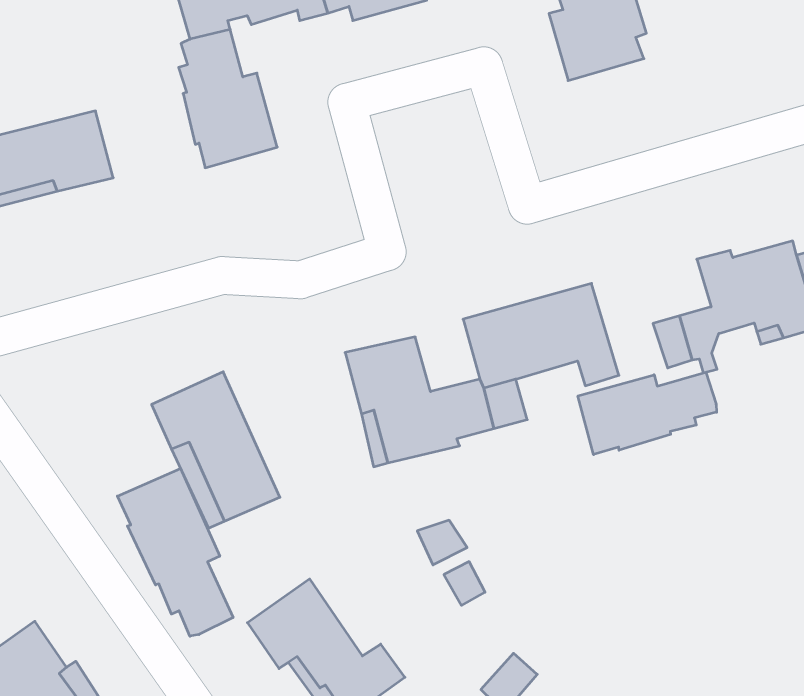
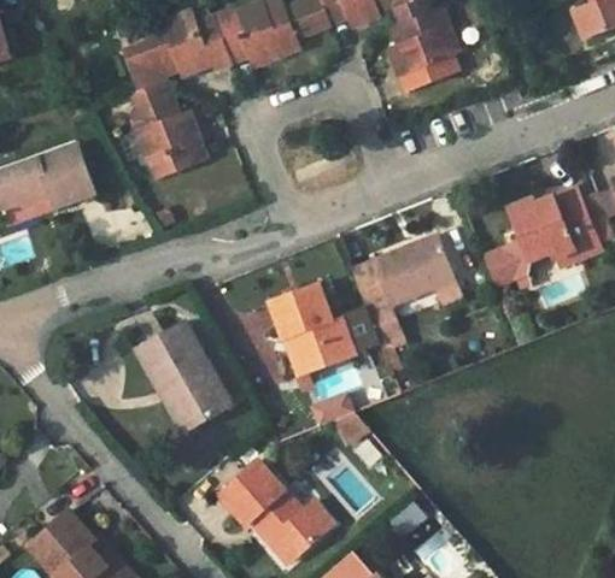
building: [578,372,717,455] -> none
building: [117,469,233,636] -> none

